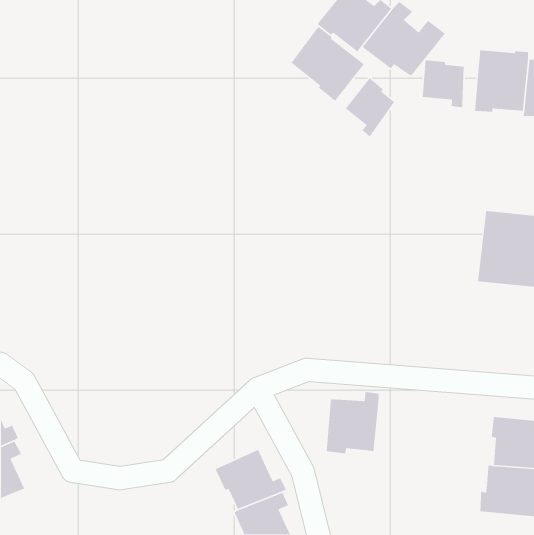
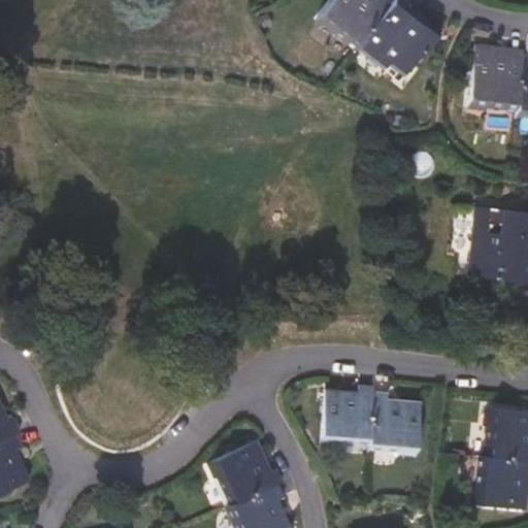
building: [290,26,365,102] -> none
building: [422,59,464,108] -> none
building: [345,77,395,137] -> none
building: none -> [370,391,422,457]

